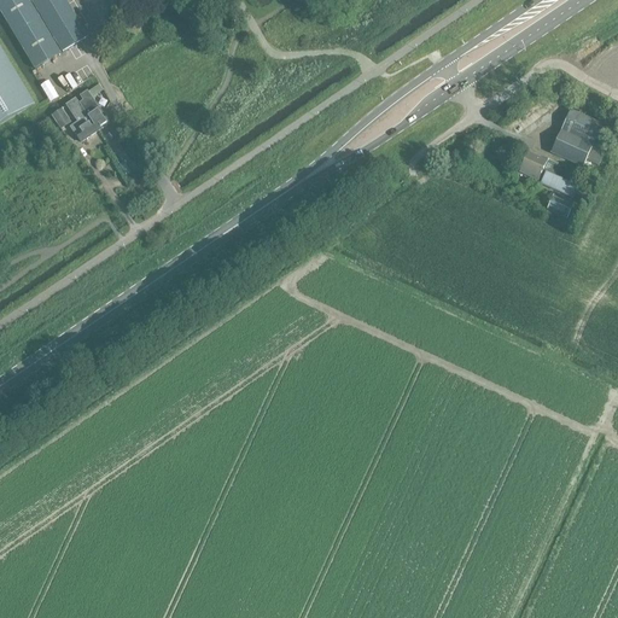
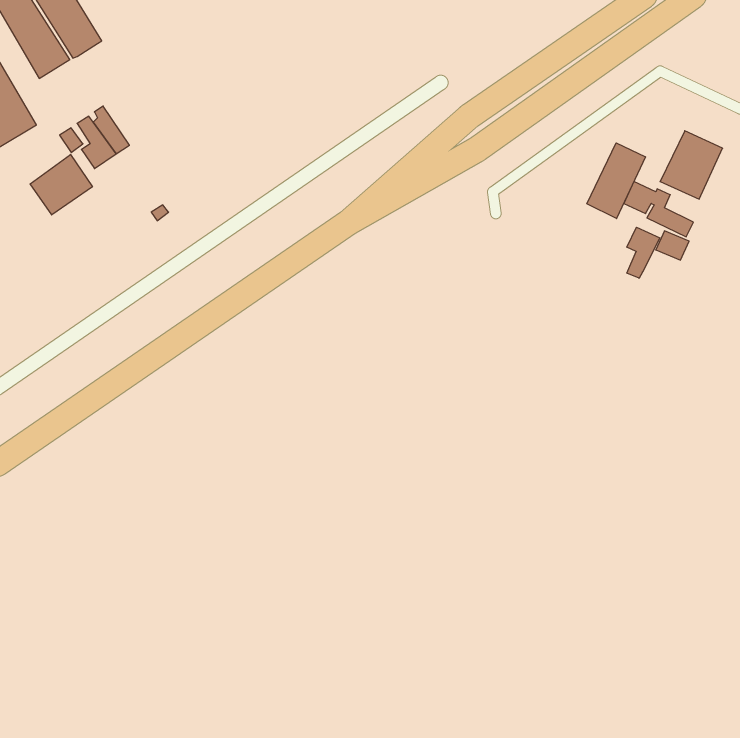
building: none -> [587,143,645,219]
building: none -> [30,154,92,215]
building: none -> [627,227,660,278]

